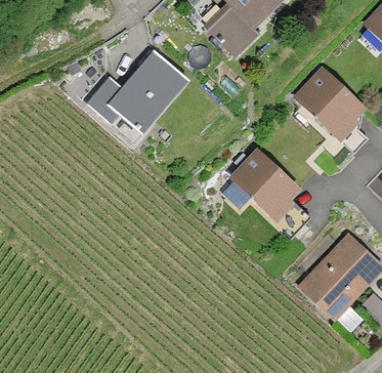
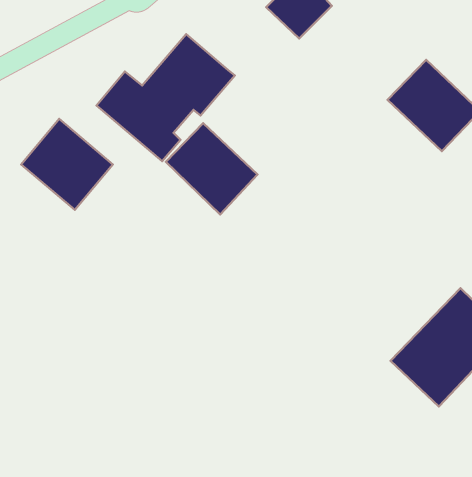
building: none -> [21,119,113,210]
building: [232,151,298,216] -> [166,123,257,214]

